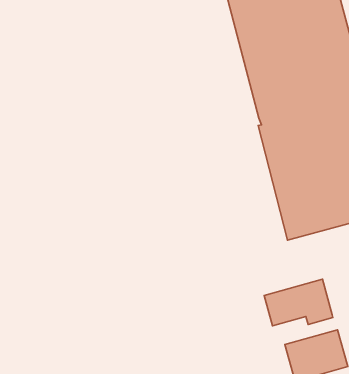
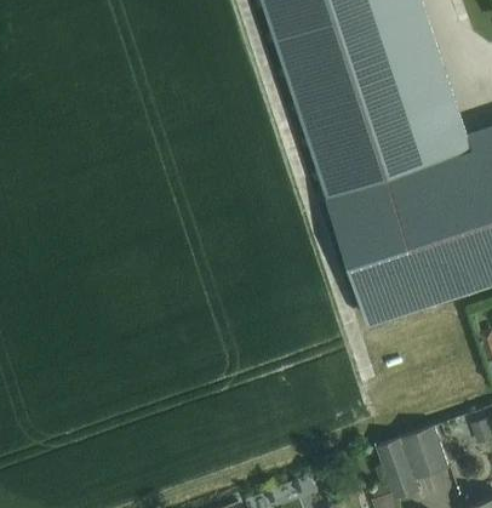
building: [264,279,333,326] -> none

